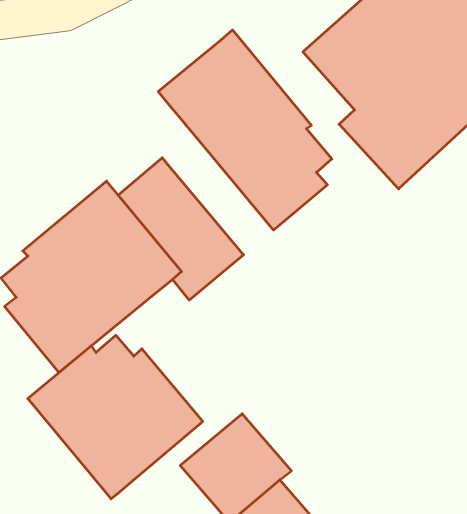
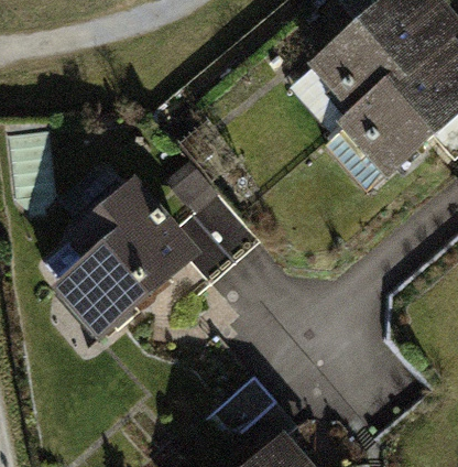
building: [158,30,332,230] -> none
building: [28,335,203,499] -> none

